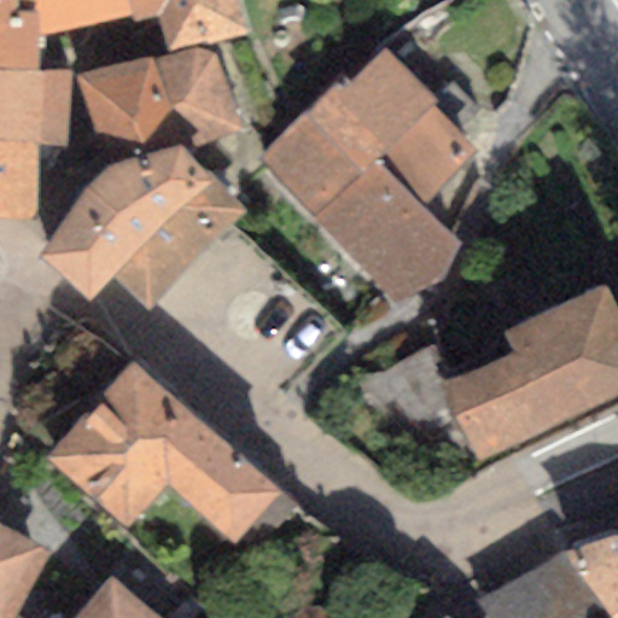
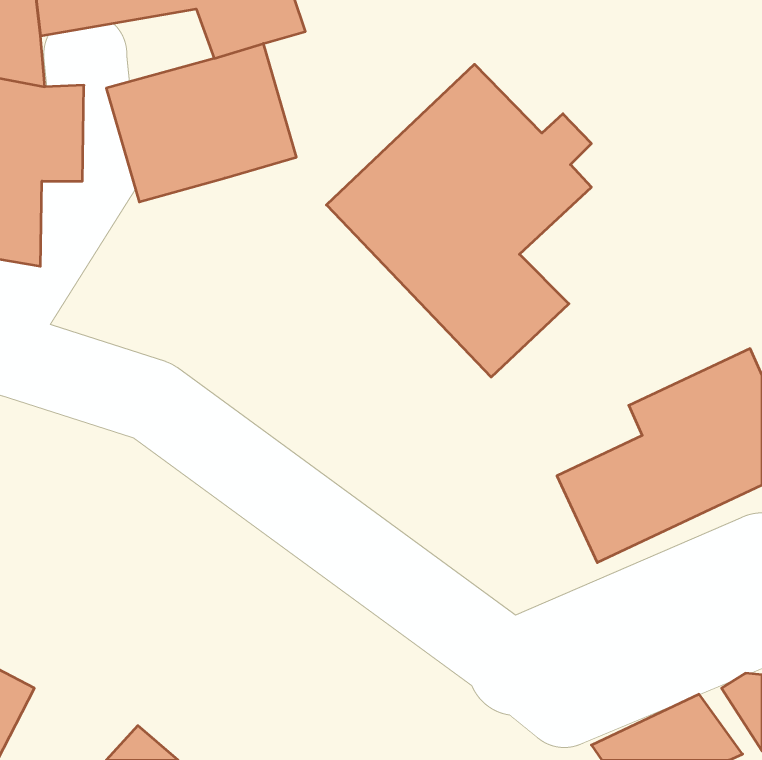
building: [33,144,244,308] -> none
building: [51,365,290,552] -> none

